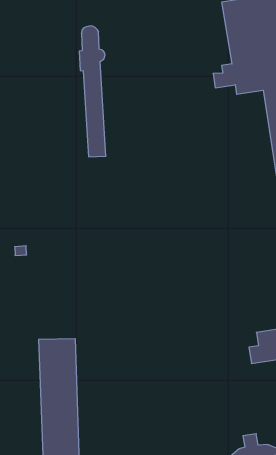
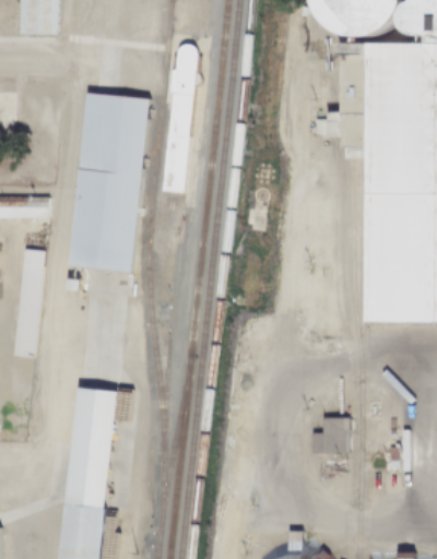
building: none -> [67,93,149,273]

